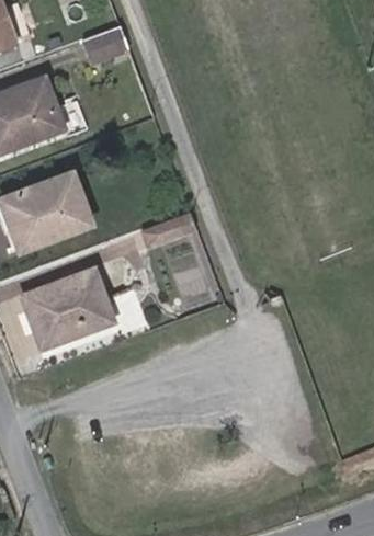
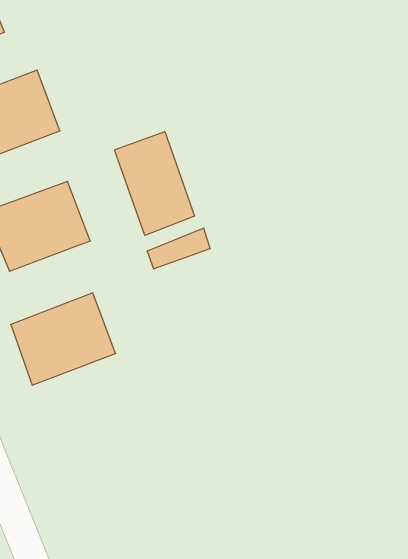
building: [83,26,128,62] -> none
building: none -> [114,132,194,235]

